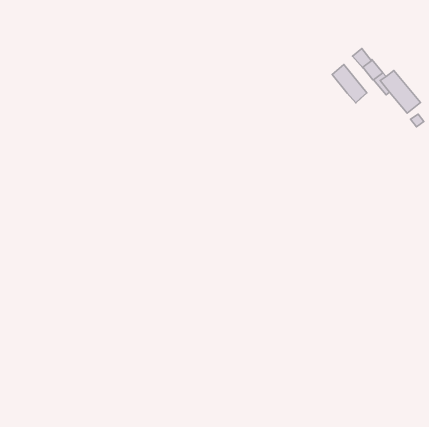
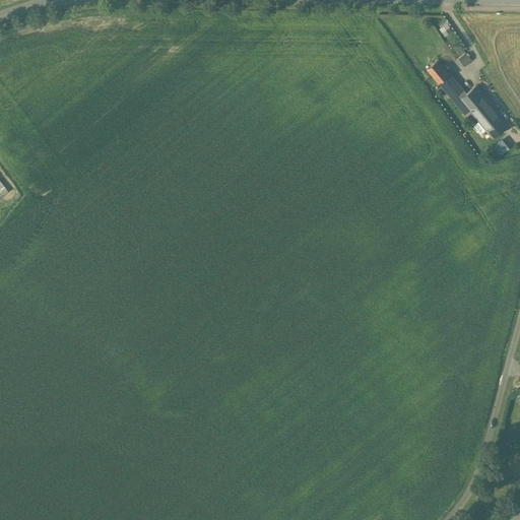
building: [332,65,367,103] -> none

